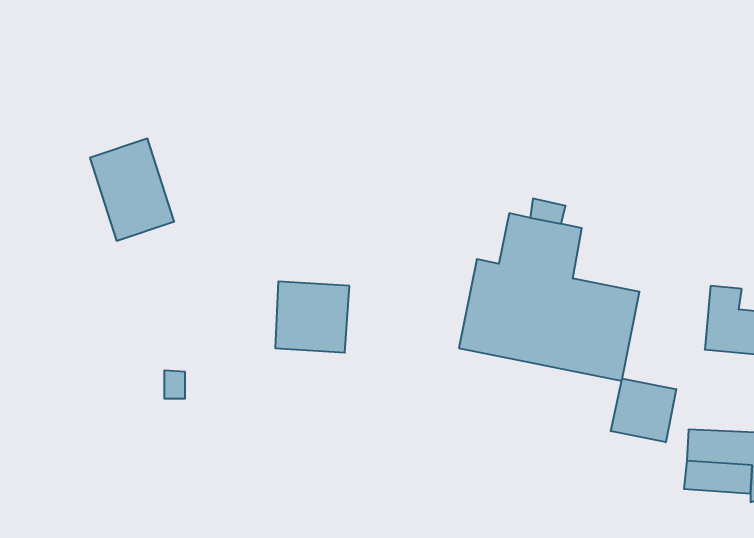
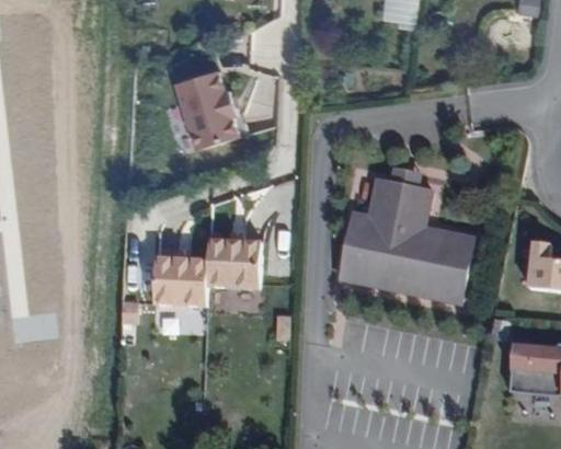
building: [90,139,174,241] -> [175,68,238,143]
building: none -> [151,253,206,303]
building: [611,378,676,442] -> none

